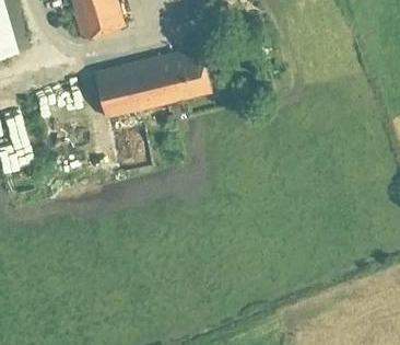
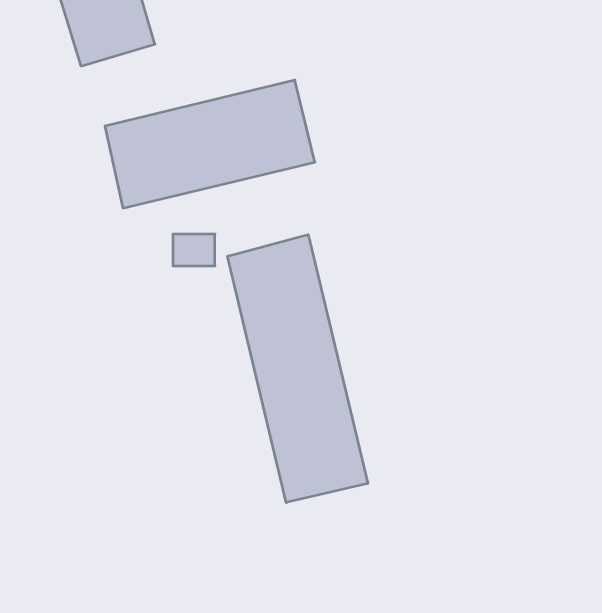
building: none -> [228,235,368,503]

